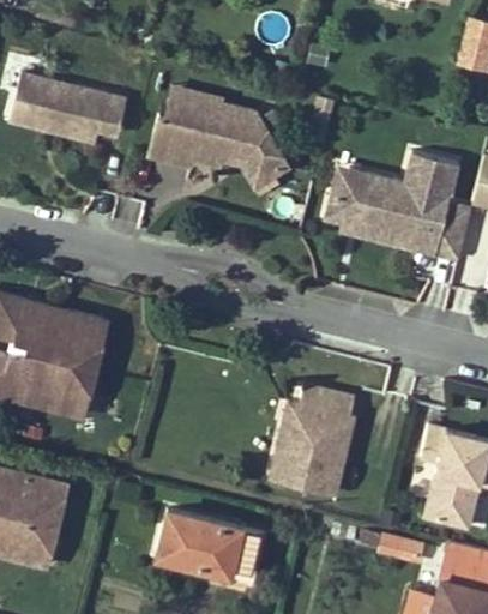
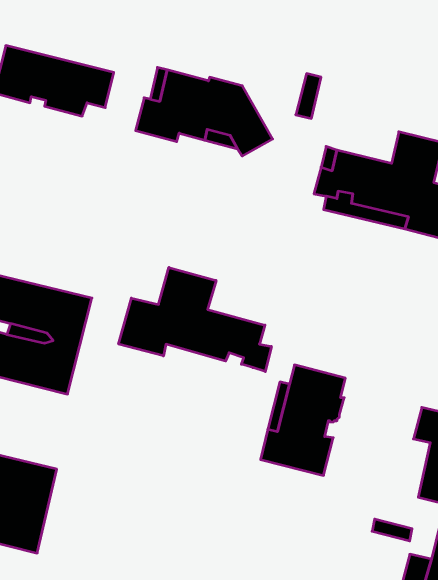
building: none -> [119,267,271,372]
building: [157,512,266,585] -> none

